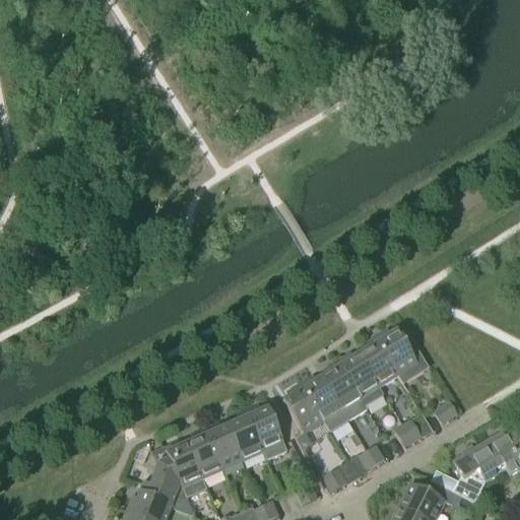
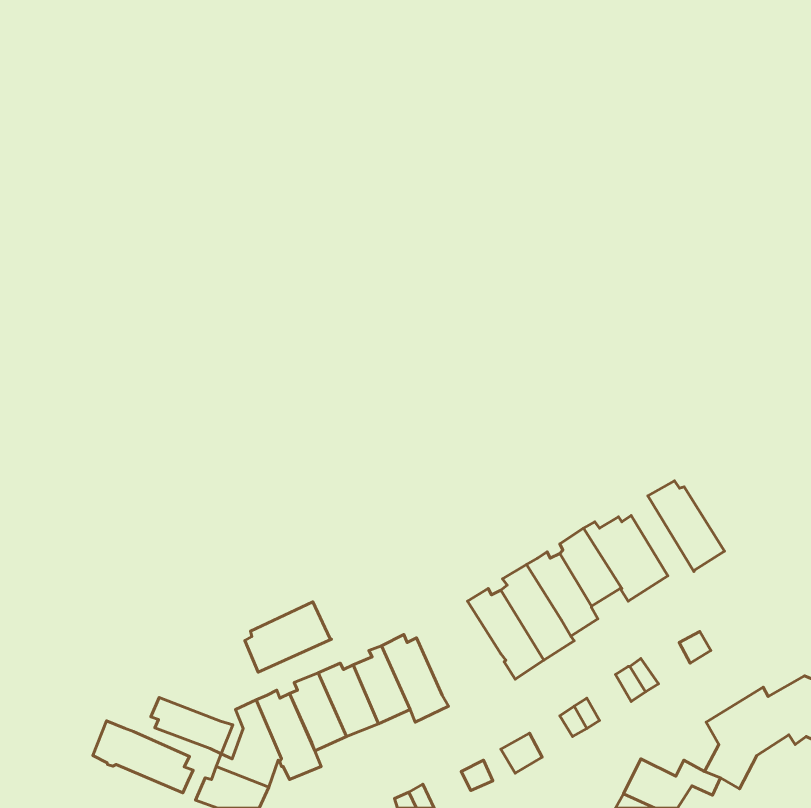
building: none -> [648,481,725,572]
building: [282,384,324,435] -> none
building: none -> [245,602,331,672]
building: none -> [151,698,233,754]
building: none -> [93,721,193,793]

